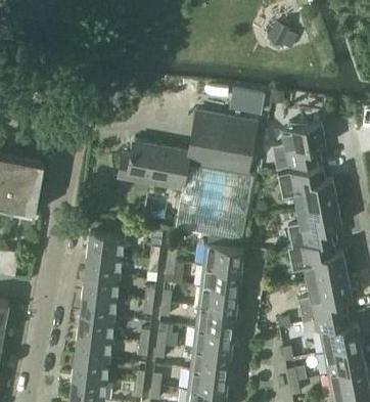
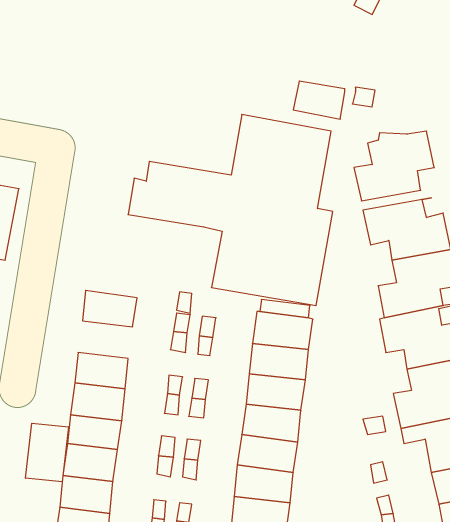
building: [85,252,122,277] -> none
building: none -> [26,423,69,482]

